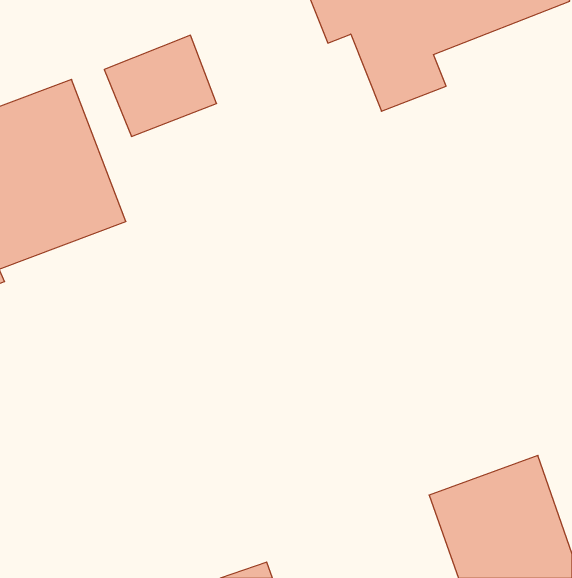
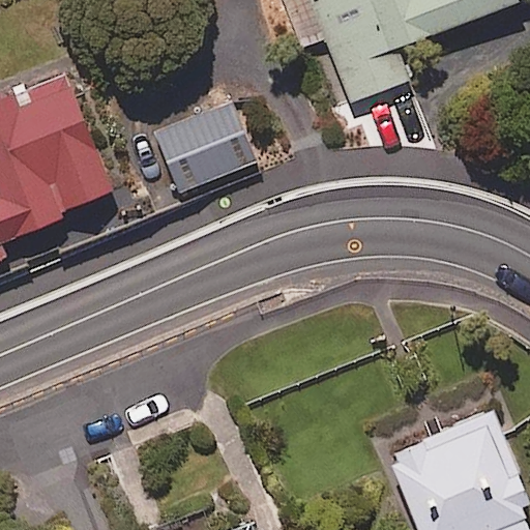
building: [104,35,217,136] -> [153,99,256,192]

